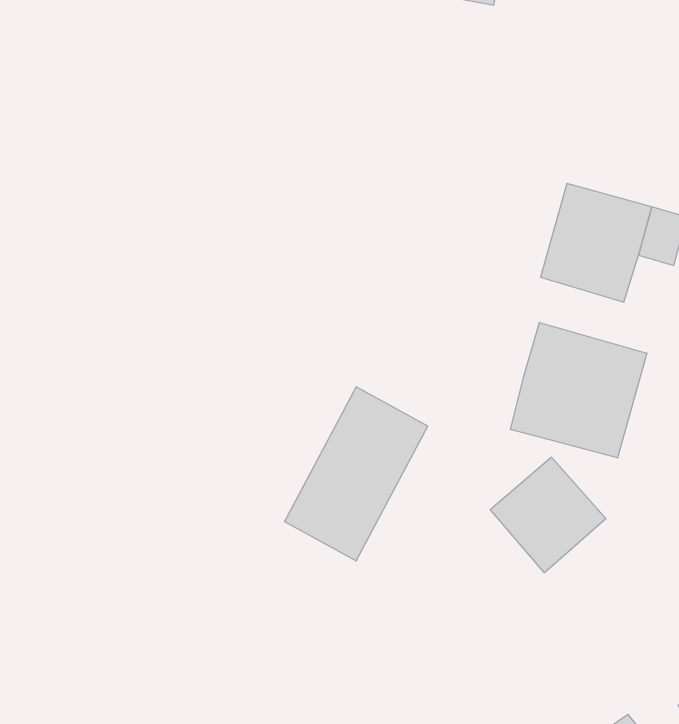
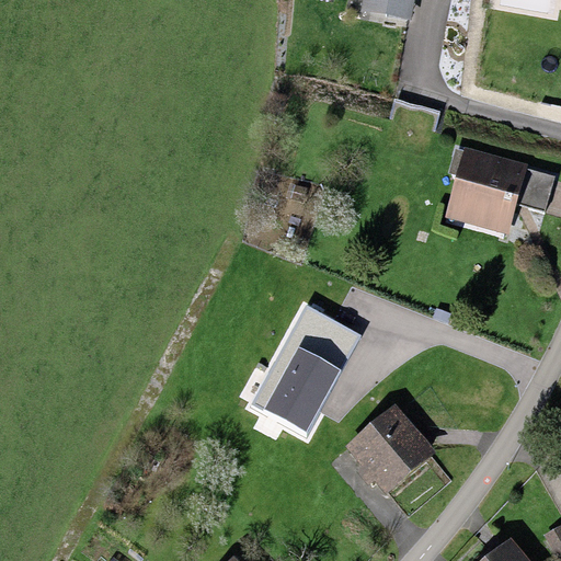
building: [511,322,647,458] -> none
building: [490,457,606,573] -> [346,404,433,491]

